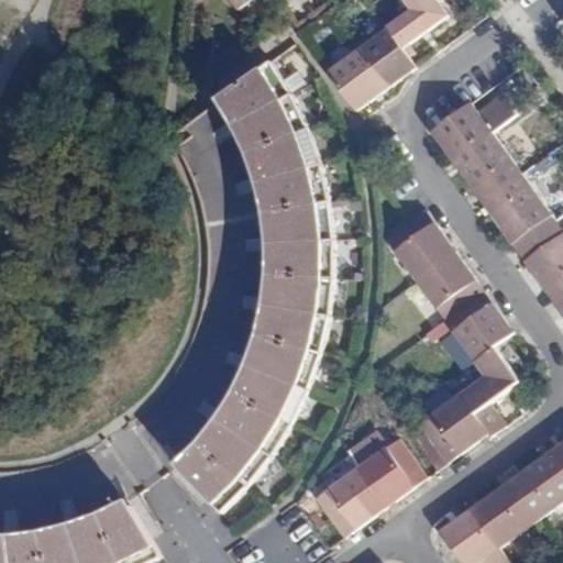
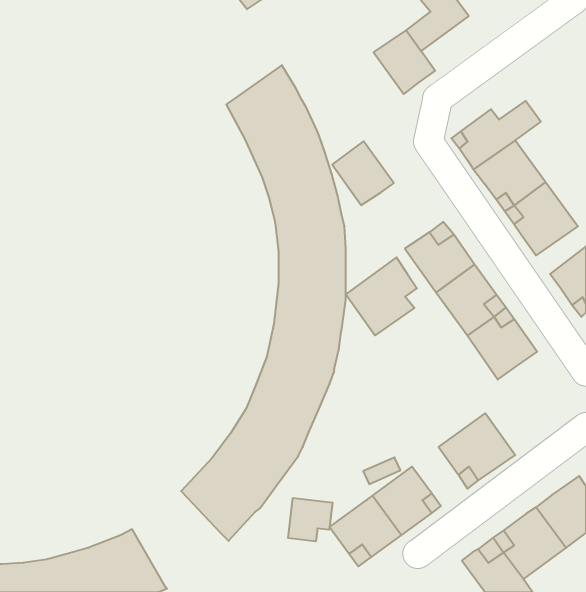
building: [324,49,383,110] -> [332,141,394,205]
building: none -> [346,257,417,335]
building: [460,345,517,434] -> none
building: none -> [288,498,333,541]

